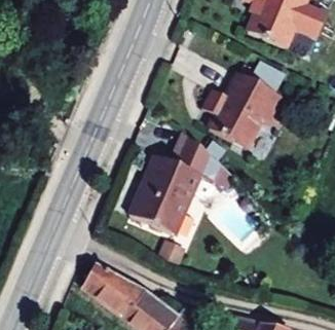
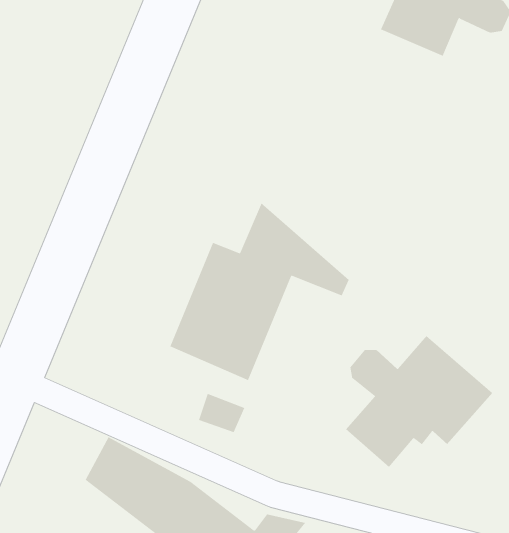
building: [204,70,283,146] -> none
building: none -> [345,335,493,468]

